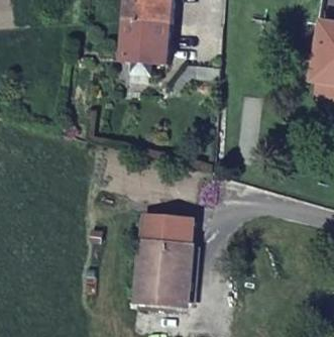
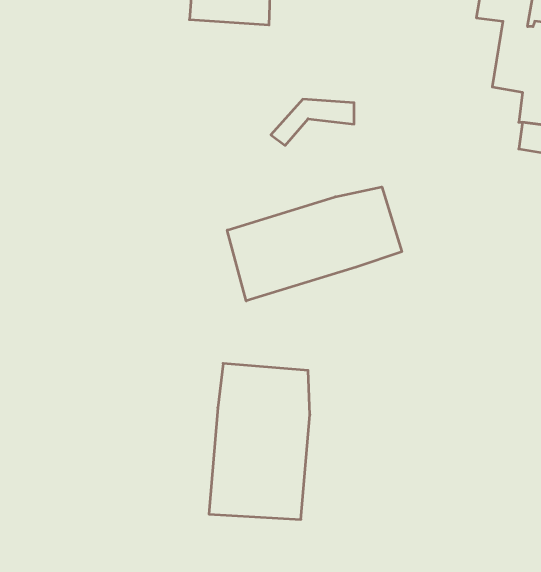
building: [122,20,171,72] -> none
building: none -> [227,187,402,301]

